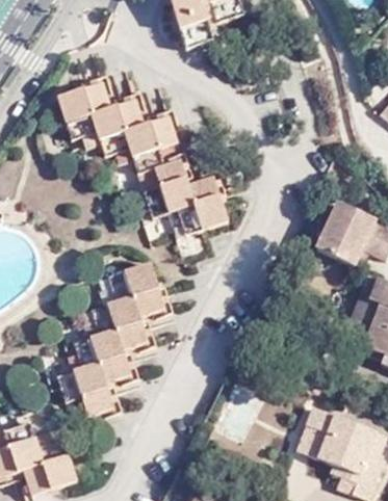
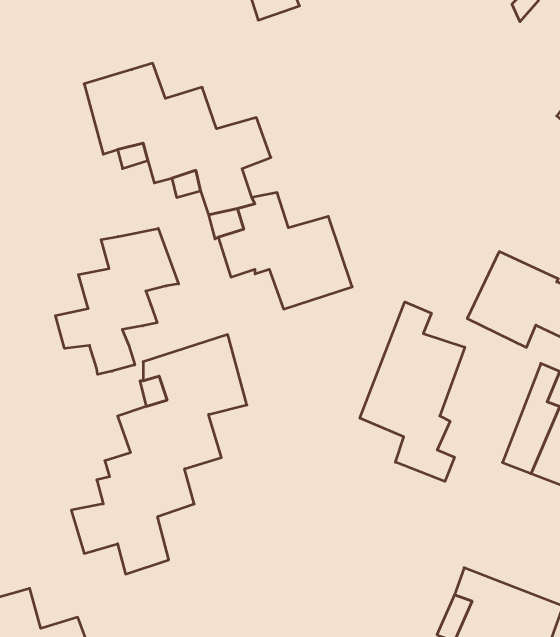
building: none -> [55,228,179,374]
building: none -> [360,302,465,481]

